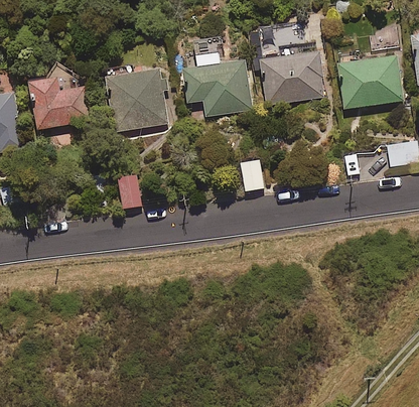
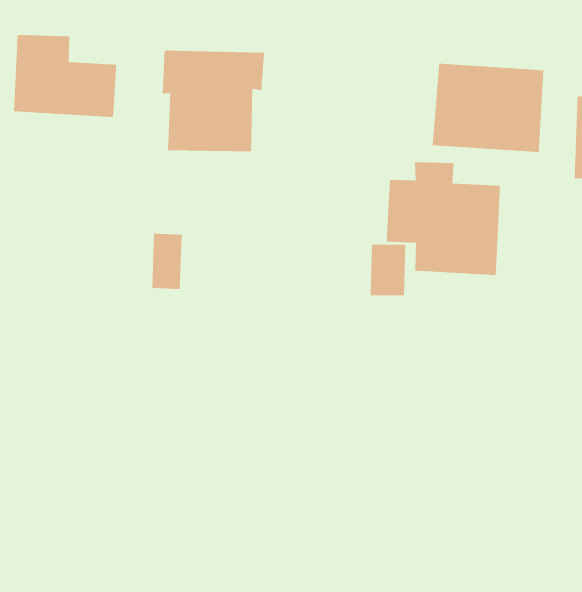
building: [182,53,250,116] -> [386,162,501,275]

